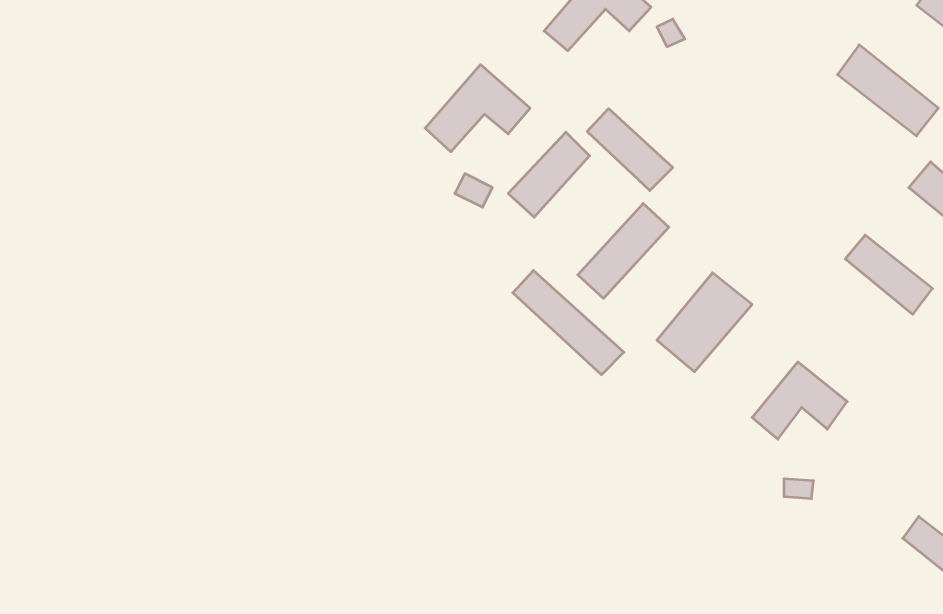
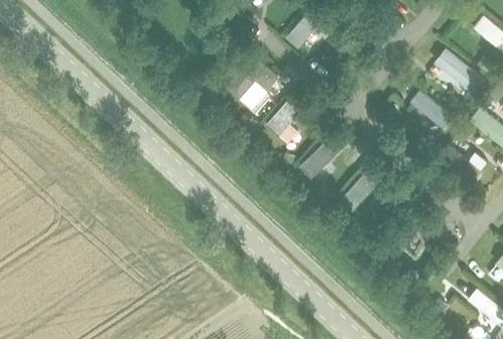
building: [587,109,673,191] -> none
building: none -> [407,89,453,129]
building: [513,270,624,375] -> none

